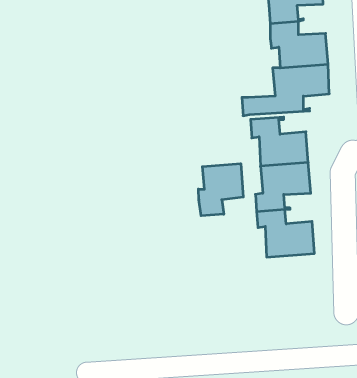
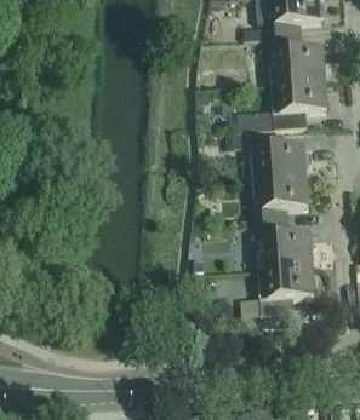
building: [198,164,243,216] -> none
building: none -> [261,263,315,311]

